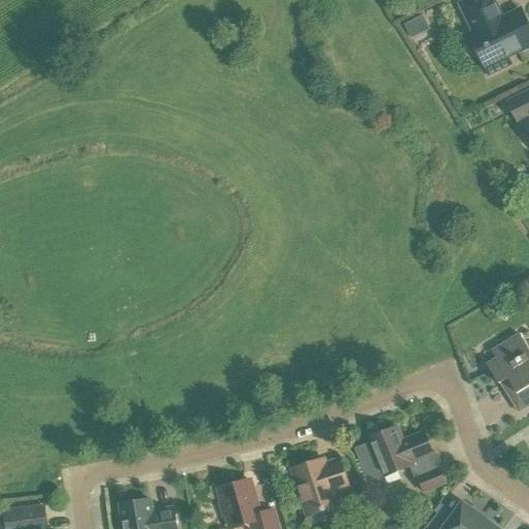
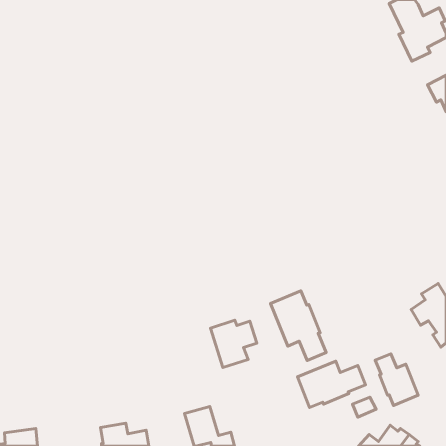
building: none -> [271,291,326,360]
building: none -> [375,354,418,405]
building: [292,460,347,516] -> [210,320,257,368]

